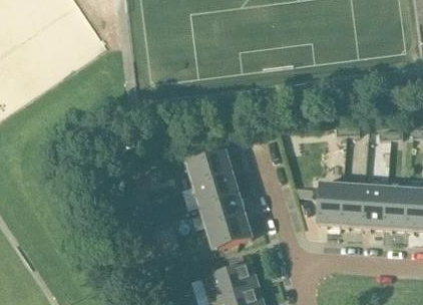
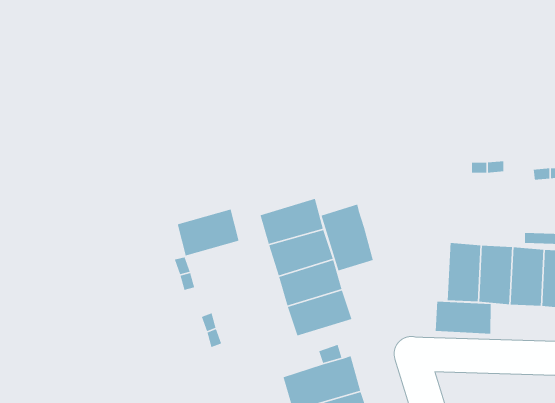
building: none -> [320,203,374,272]
building: none -> [177,209,240,256]
building: none -> [435,301,492,334]

